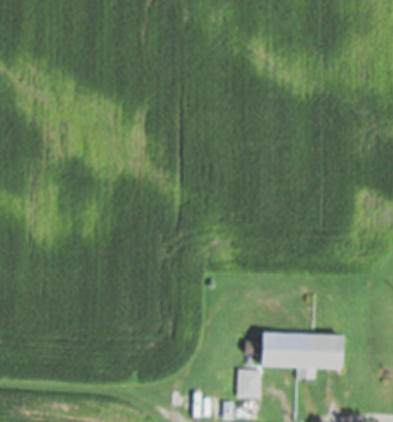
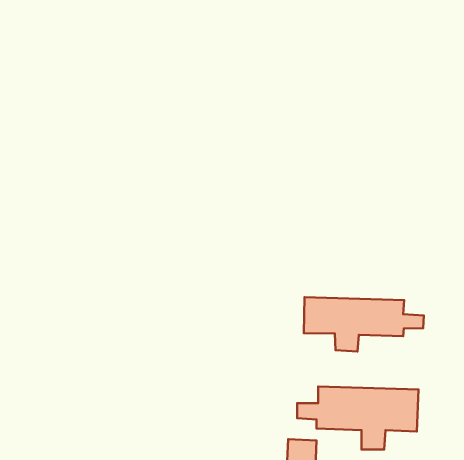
building: none -> [304,297,424,352]

